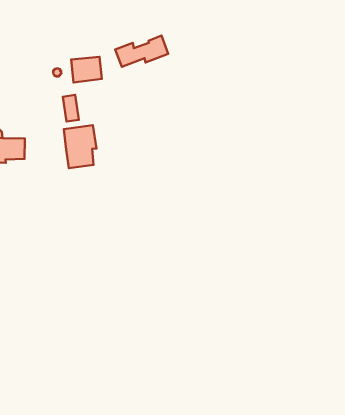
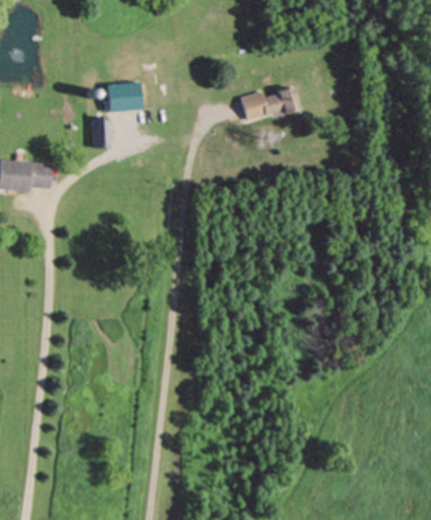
building: [115,36,168,67] -> [239,87,299,120]
building: [64,125,97,168] -> none

